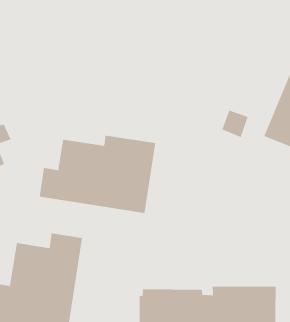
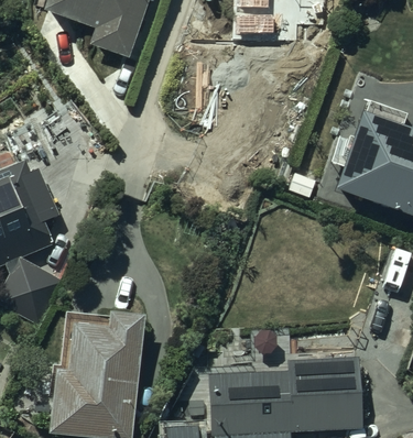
building: [39,135,156,214] -> none

